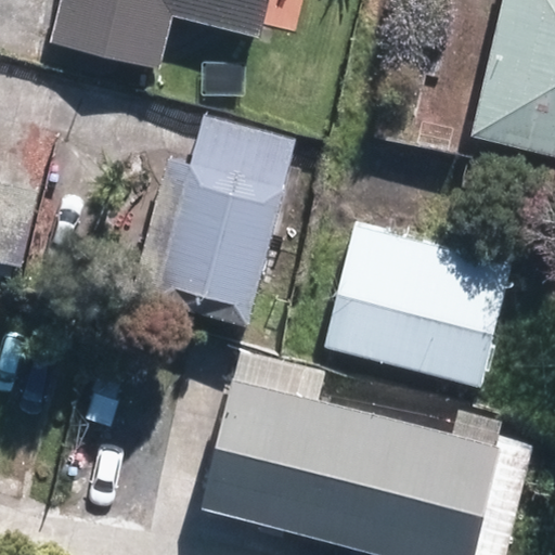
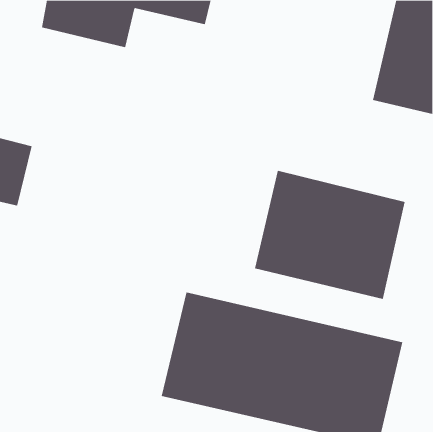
building: [125,117,297,326] -> none

